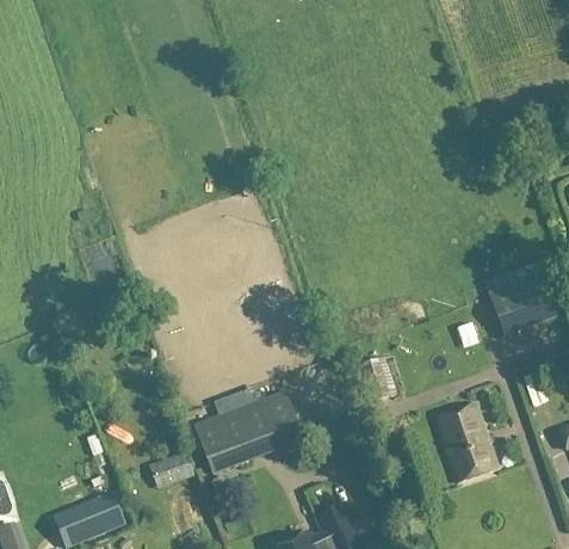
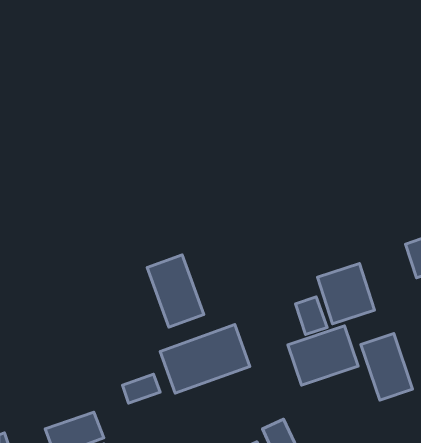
building: none -> [147,255,204,327]
building: none -> [318,263,375,324]
building: none -> [288,326,358,385]

